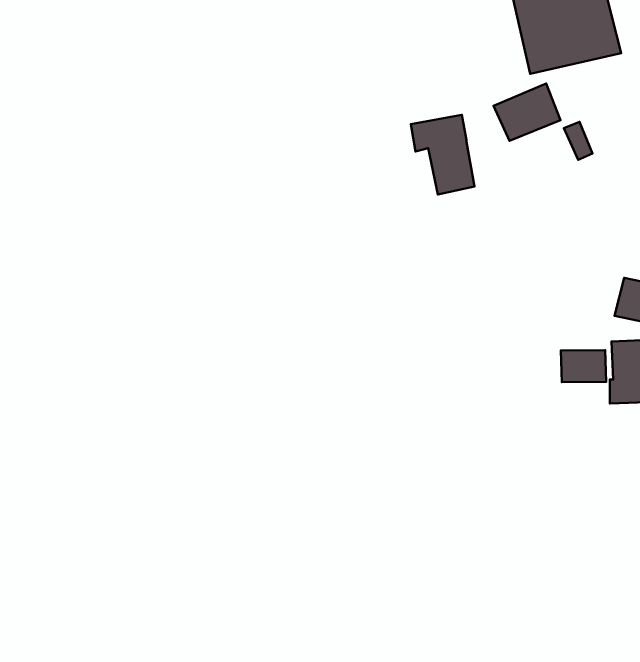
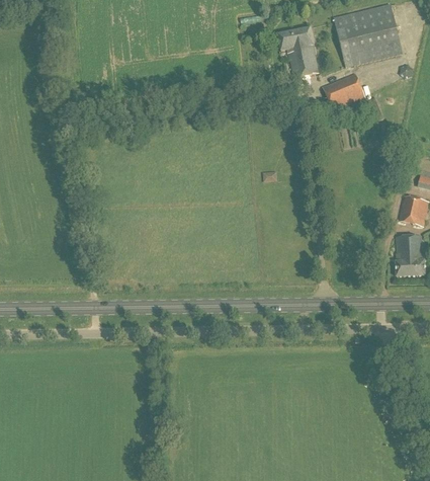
building: [411,115,474,194] -> [276,26,317,77]
building: [561,350,606,382] -> none

